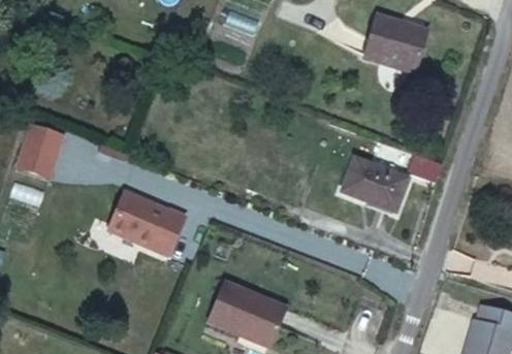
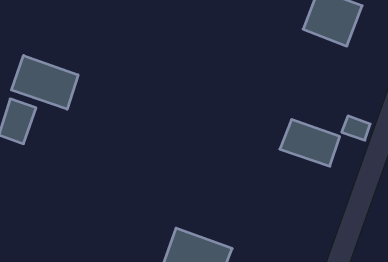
building: none -> [11,55,78,109]
building: [109,198,186,257] -> none

